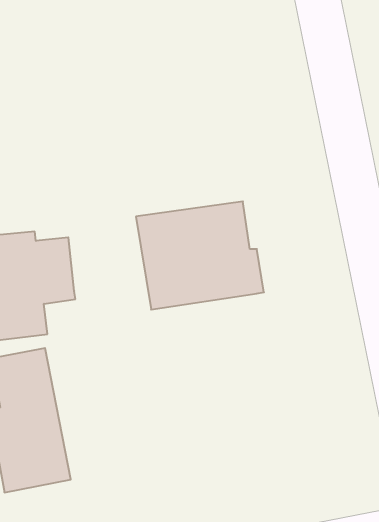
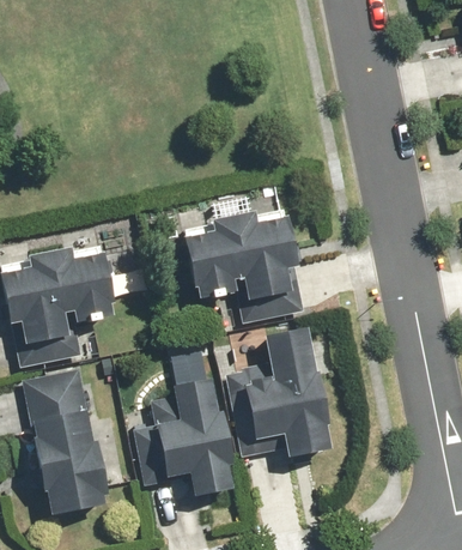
building: none -> [238,325,333,453]
building: none -> [152,377,236,496]

